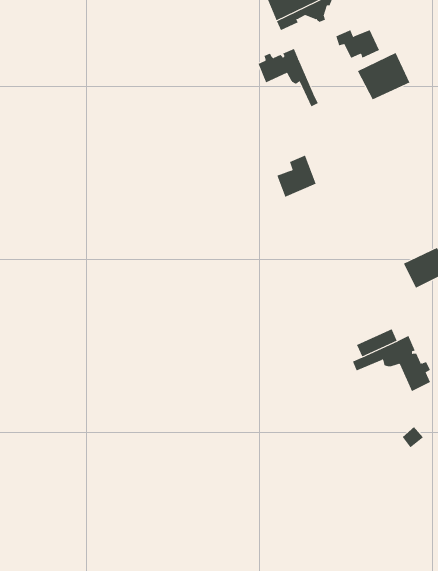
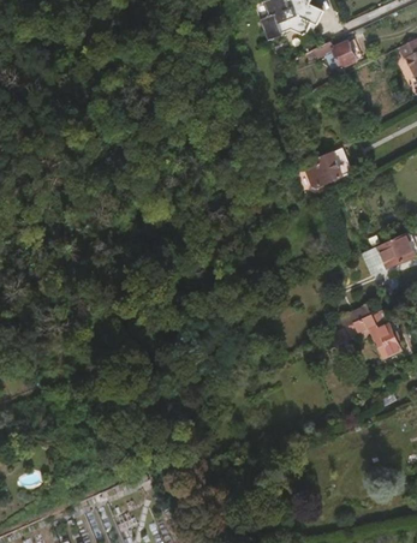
building: [258,48,318,107] -> none
building: [357,52,410,100] -> none
building: [277,155,317,198] -> [306,151,341,189]

